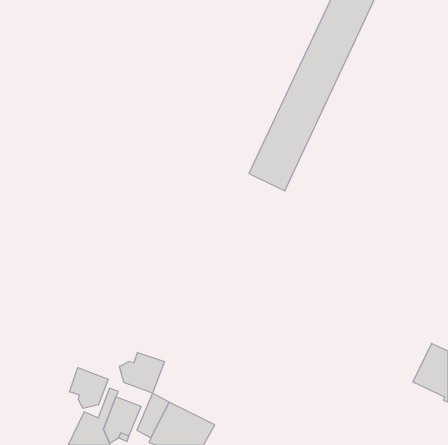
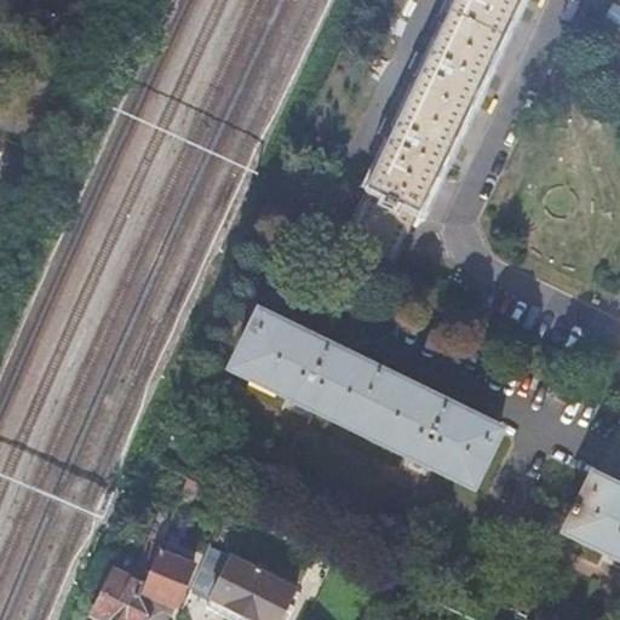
building: none -> [236,314,500,481]
building: [119,352,165,393] -> none
building: [70,368,108,408] -> none

